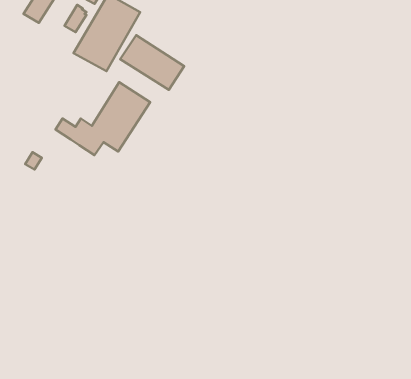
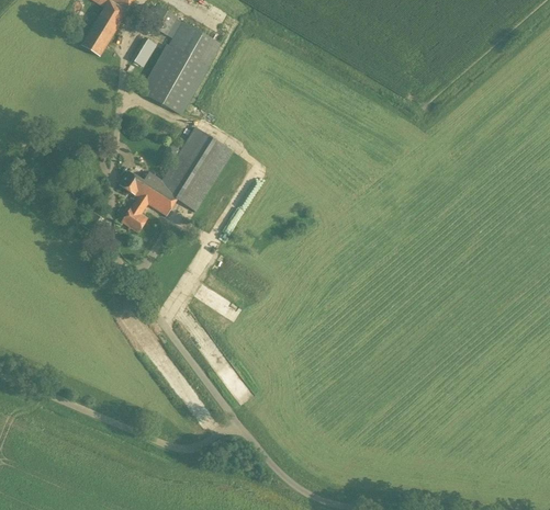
building: [120,35,184,90] -> none
building: none -> [121,196,147,231]

